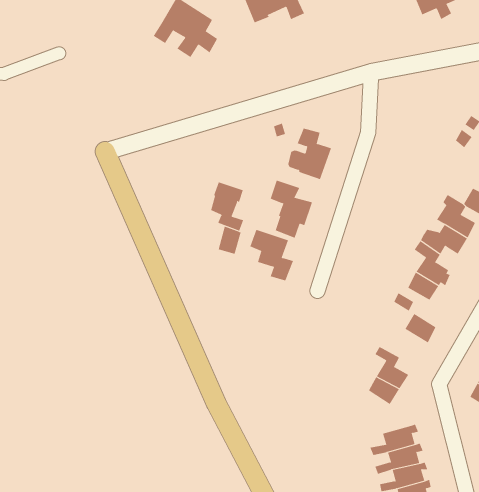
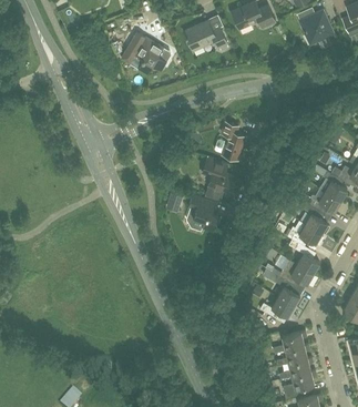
building: [210,182,244,232] -> none
building: none -> [279,258,314,283]

